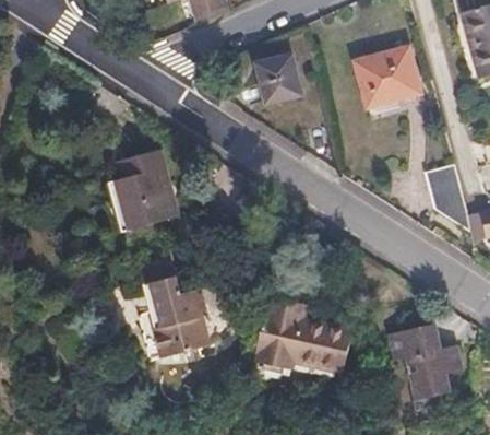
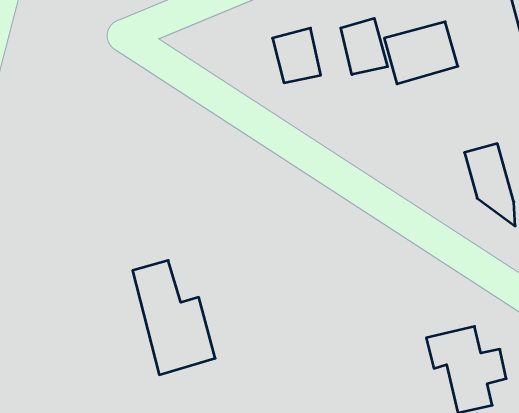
building: none -> [341,18,388,75]
building: [115,149,176,230] -> none
building: [264,304,359,371] -> none

